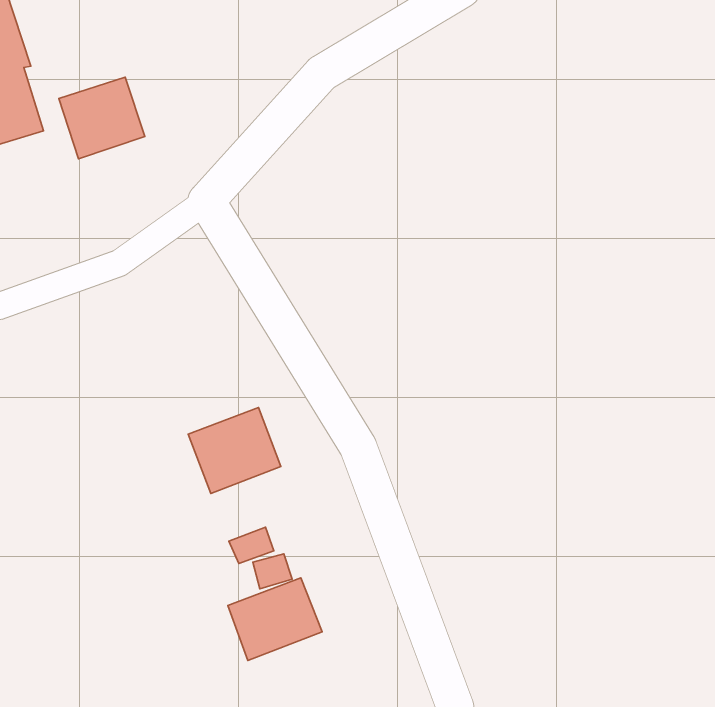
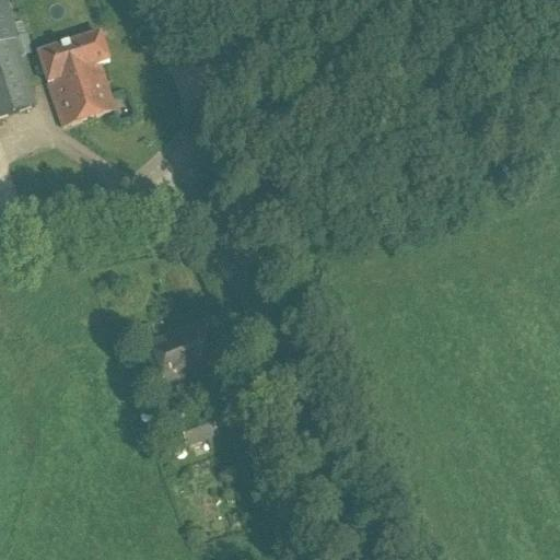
building: none -> [38,31,106,77]
building: [228,578,322,660] -> none

